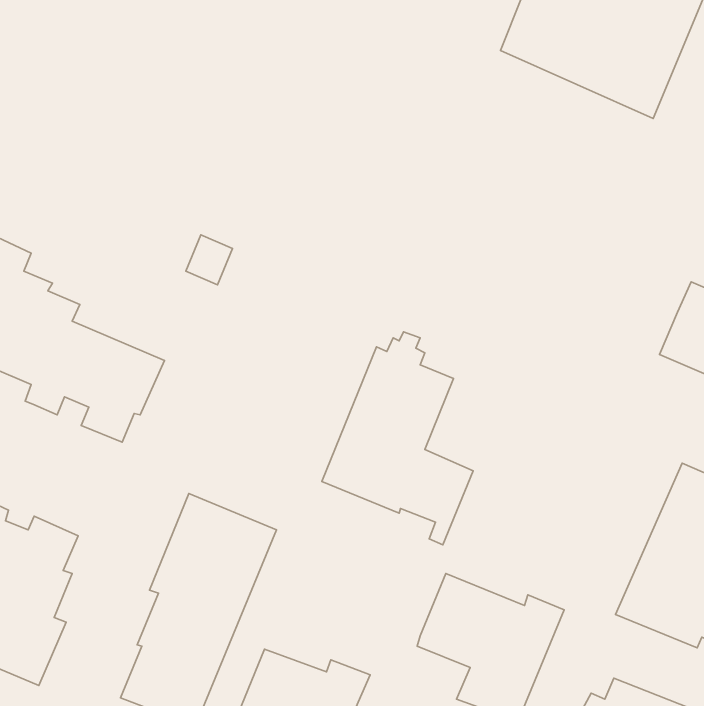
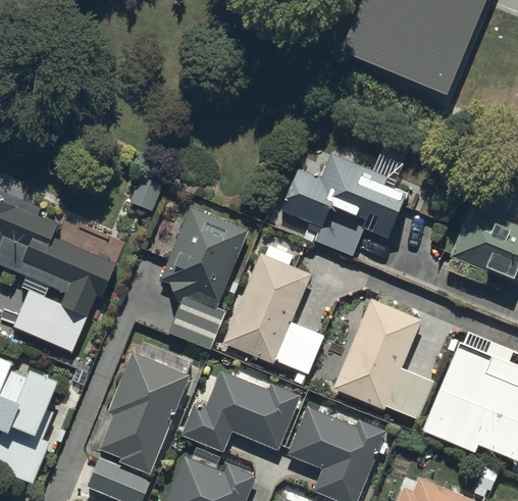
building: none -> [280,152,406,255]
building: none -> [159,204,248,350]
building: none -> [12,291,88,353]
building: none -> [332,297,433,419]
building: none -> [179,365,300,451]

